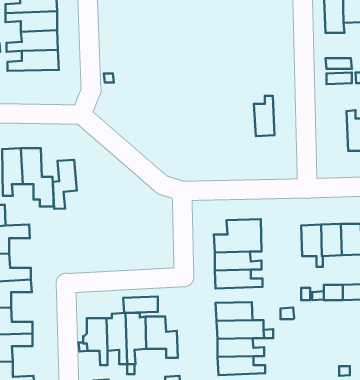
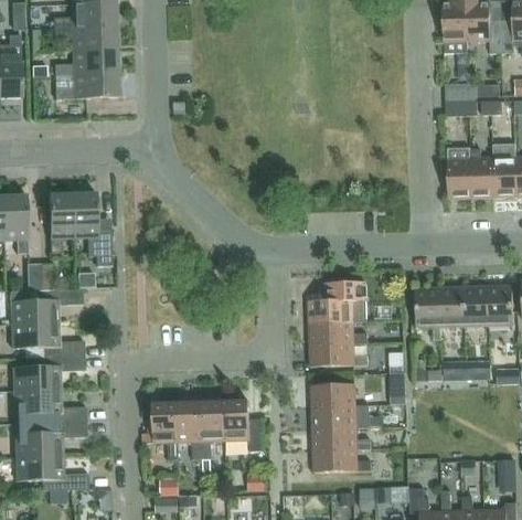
building: [254,96,275,136] -> [447,149,472,199]
building: [53,160,77,209] -> none
building: [123,297,158,313] -> none

